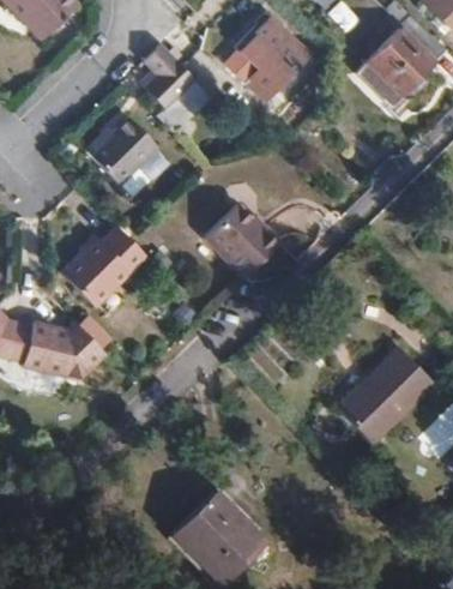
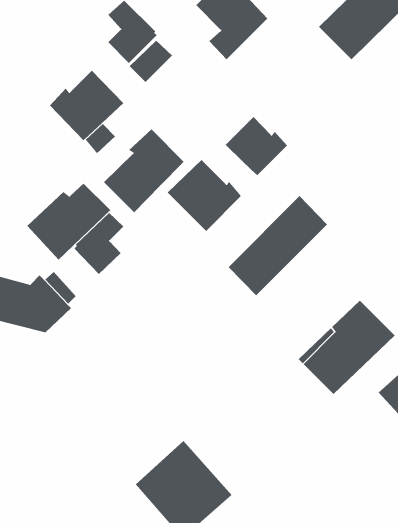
building: none -> [225,116,288,176]
building: none -> [103,129,185,213]
building: none -> [228,195,328,296]
building: none -> [73,212,124,275]

